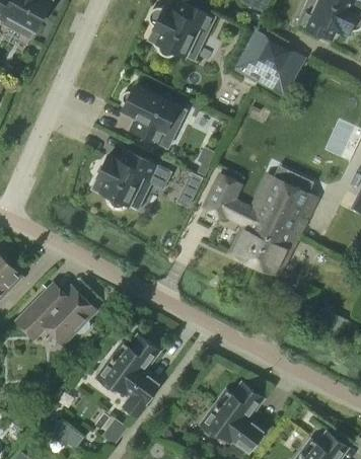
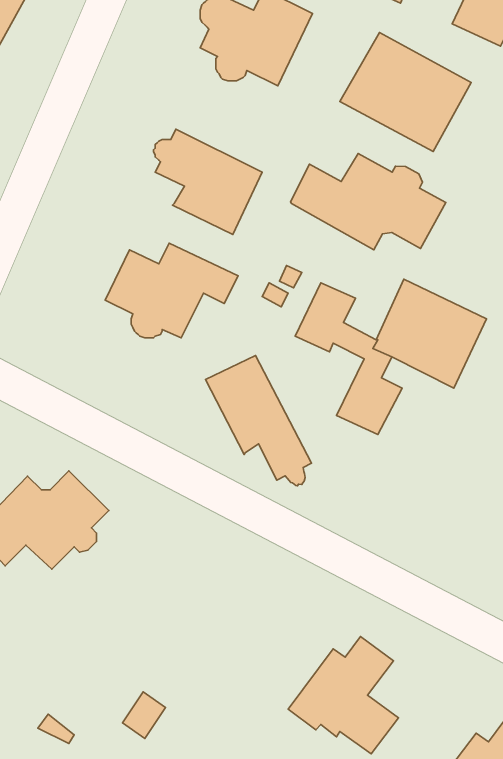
building: none -> [291,153,446,250]
building: none -> [206,356,312,486]
building: [254,219,298,277] -> none
building: [97,335,161,416] -> none

